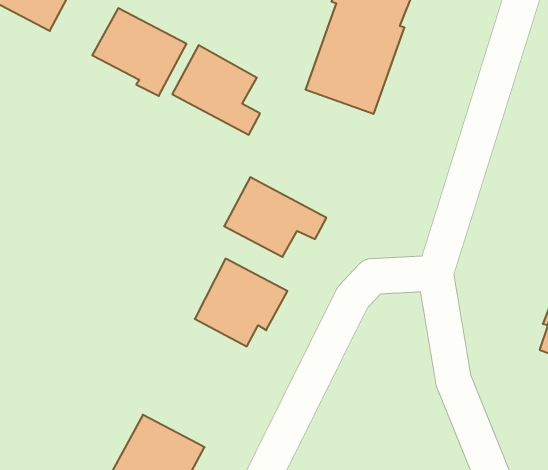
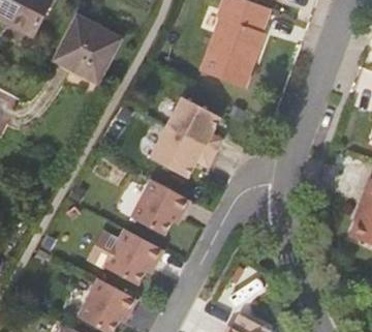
building: [172,45,260,135] -> [165,96,221,153]
building: none -> [88,229,162,284]

